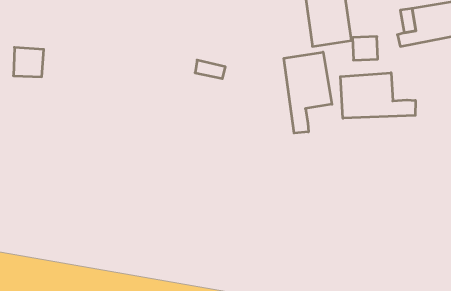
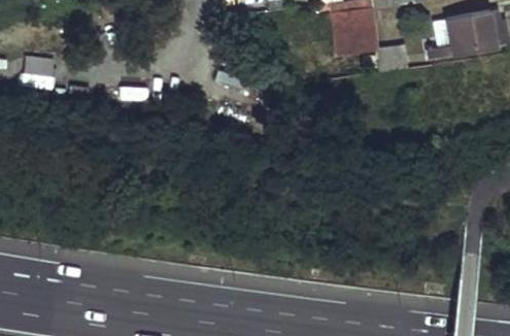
building: [284,52,332,133] -> none
building: [340,73,415,118] -> none

